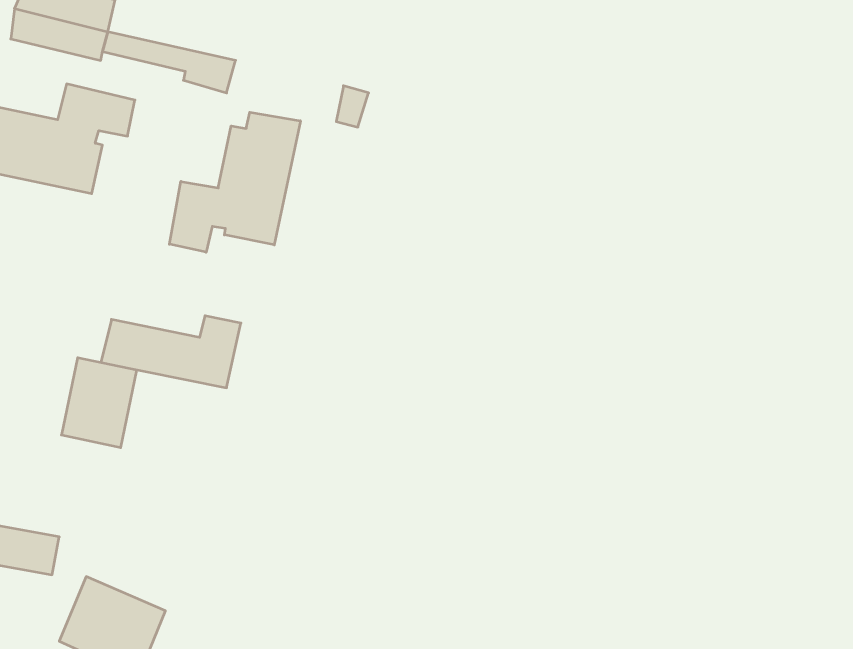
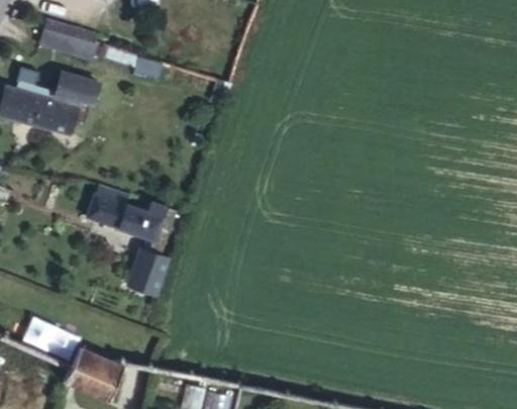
building: [169,112,300,252] -> none
building: [61,358,137,448] -> [125,249,168,300]

